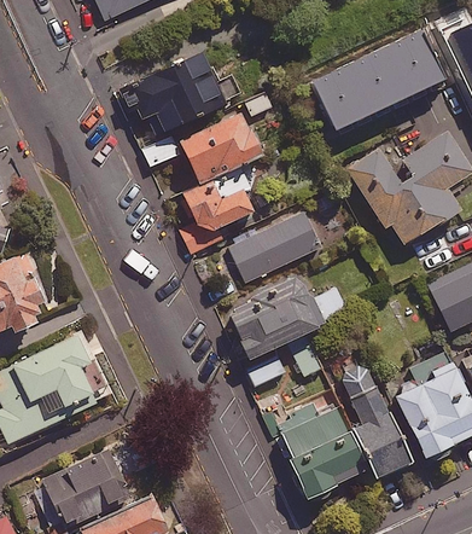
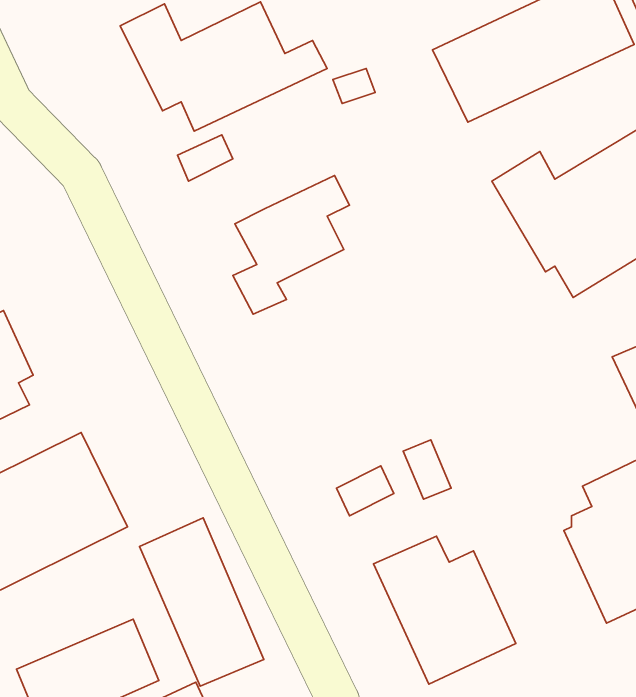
building: [179,112,261,186] -> none
building: [231,213,321,283] -> none
building: [218,274,346,361] -> none
building: [339,364,409,477] -> none
building: none -> [139,518,264,686]

